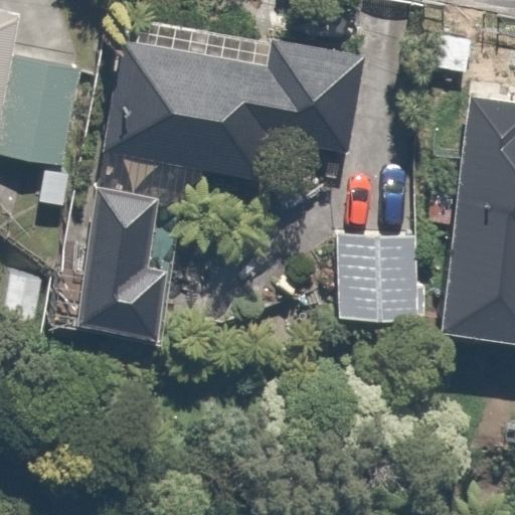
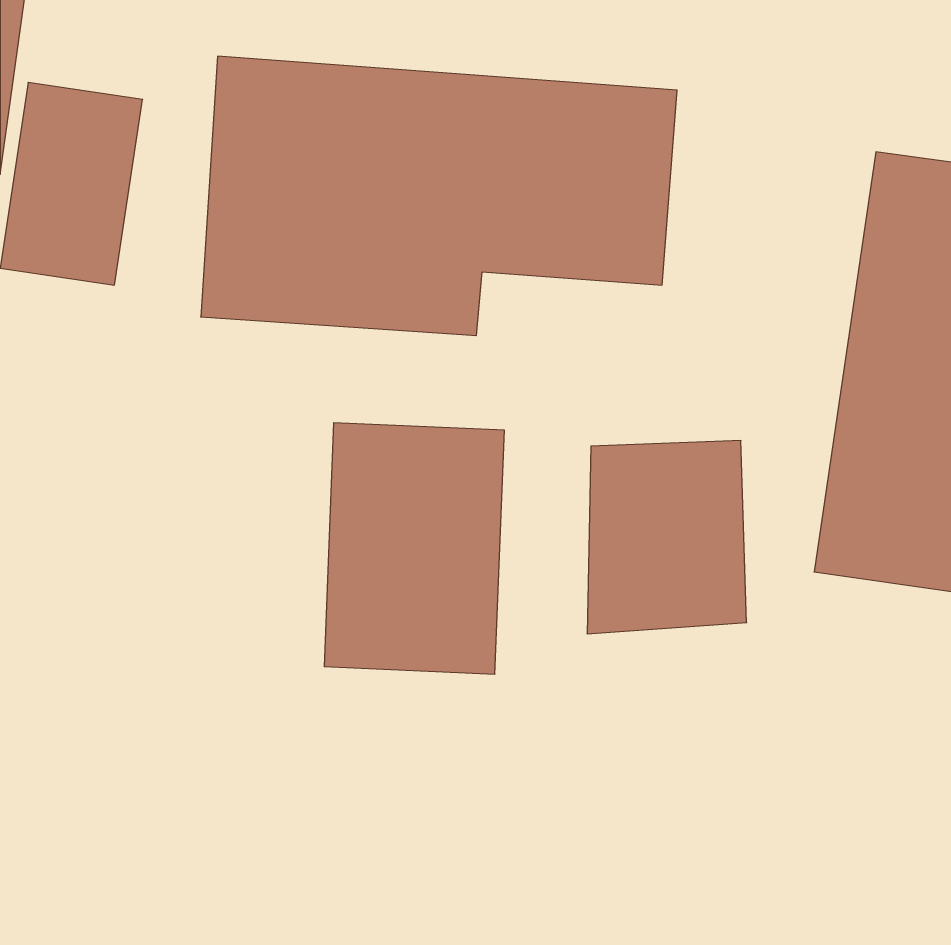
building: [74,190,171,325] -> [324,423,504,674]

